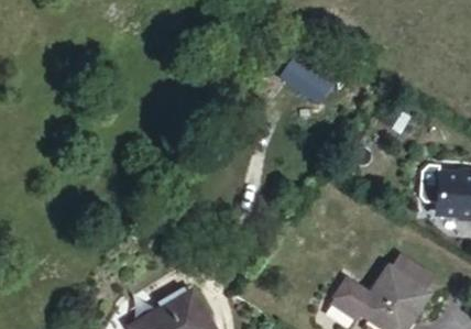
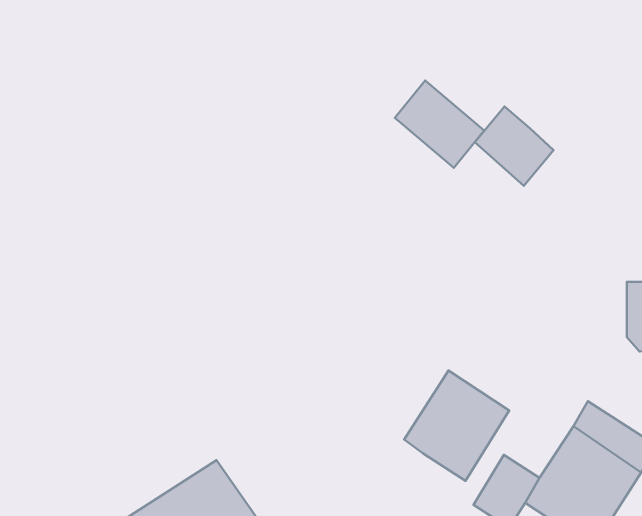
building: none -> [475,107,553,186]
building: none -> [404,371,509,481]

